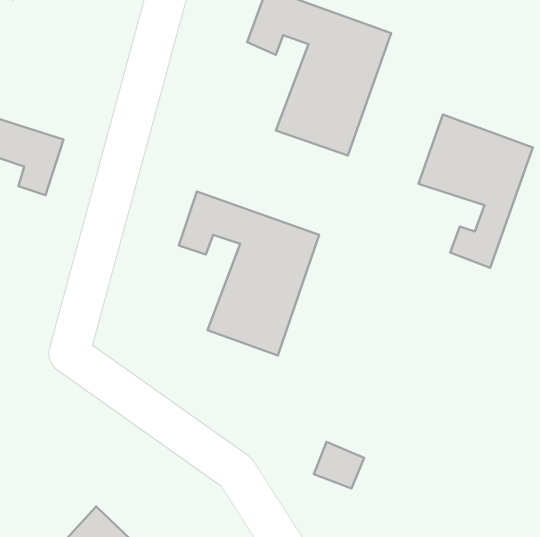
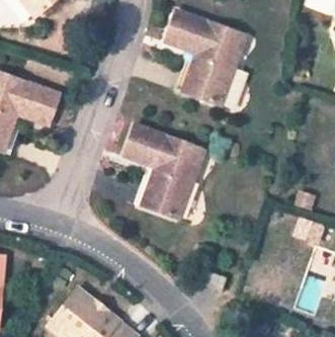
building: [419,115,533,268] -> none

